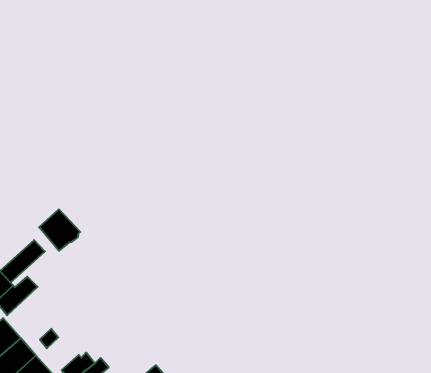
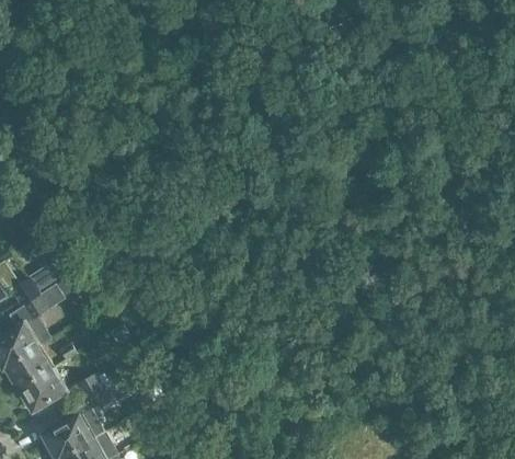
building: [39,209,80,251] -> none

